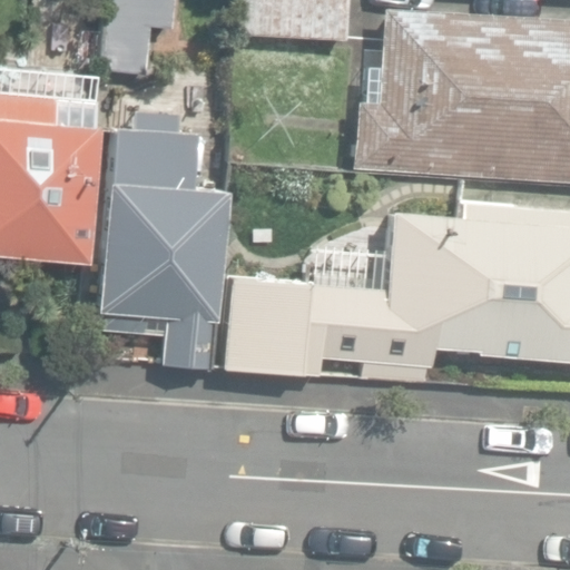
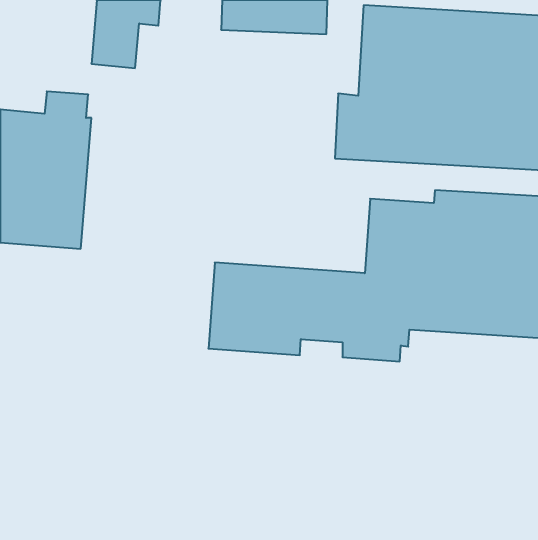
building: [97,109,225,368] -> none

